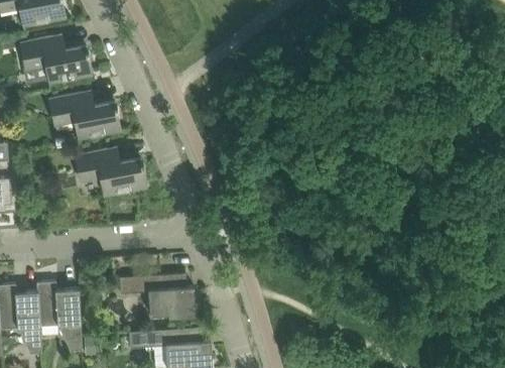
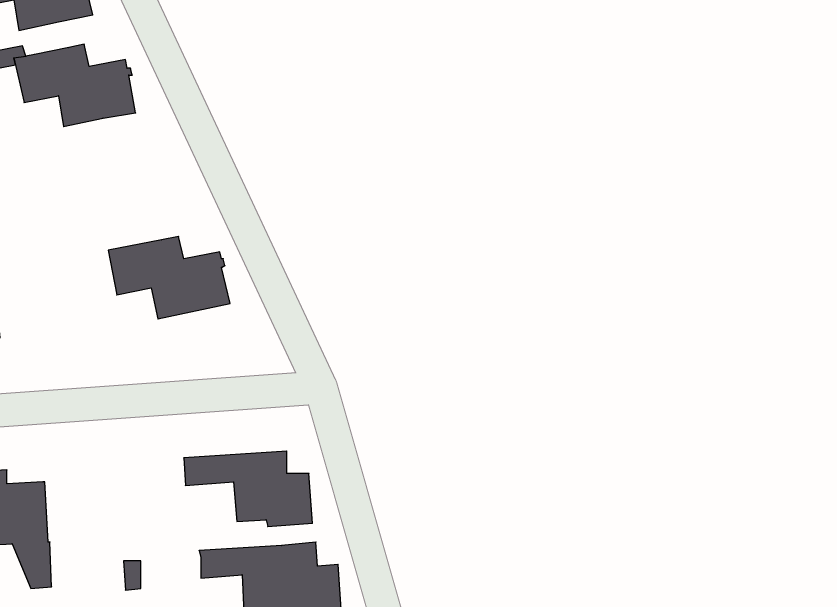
building: [48,92,120,140] -> none
building: [36,282,82,352] -> none

